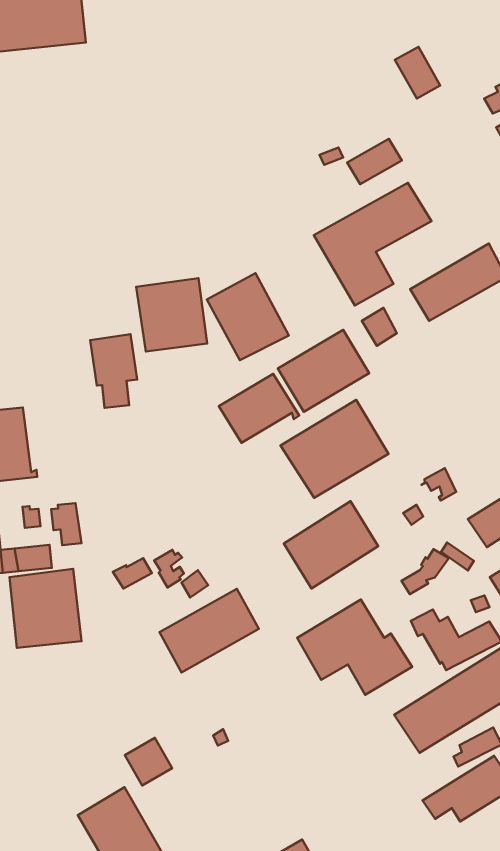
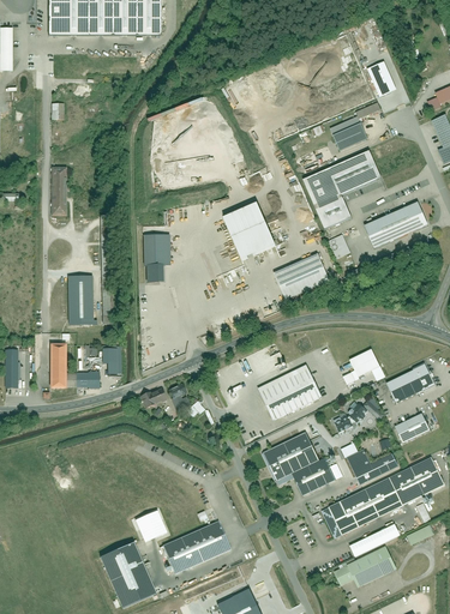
building: [136,278,207,351] -> none
building: [219,374,299,443] -> none
building: [280,400,388,498] -> none
building: [10,569,81,648] -> none
building: [160,589,259,673] -> [163,519,230,572]

